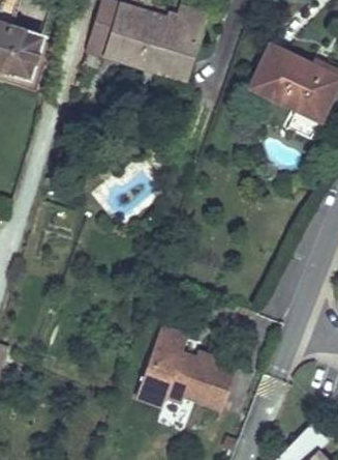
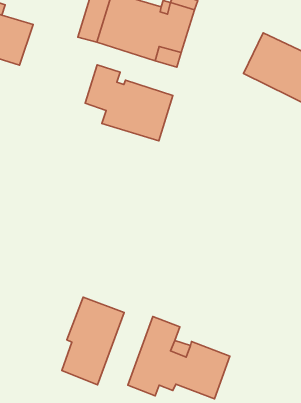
building: none -> [85,65,173,141]
building: none -> [62,297,124,385]

